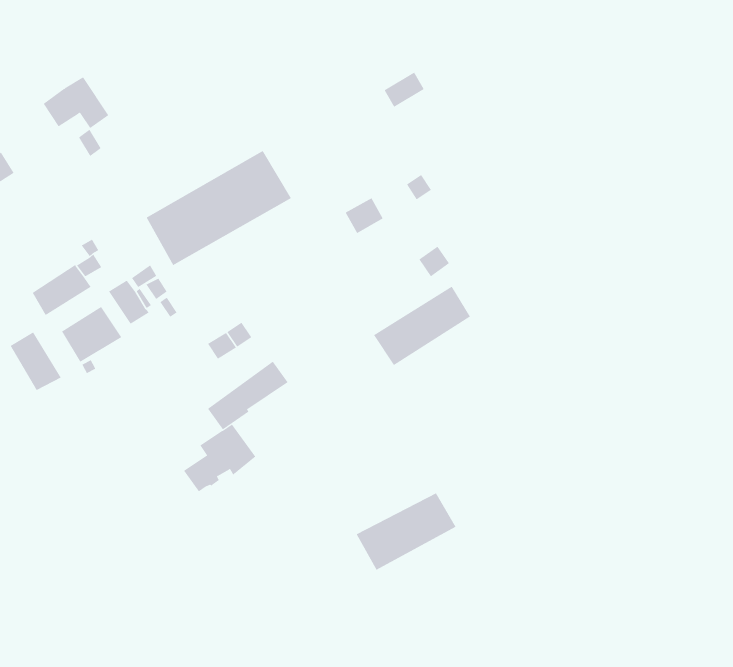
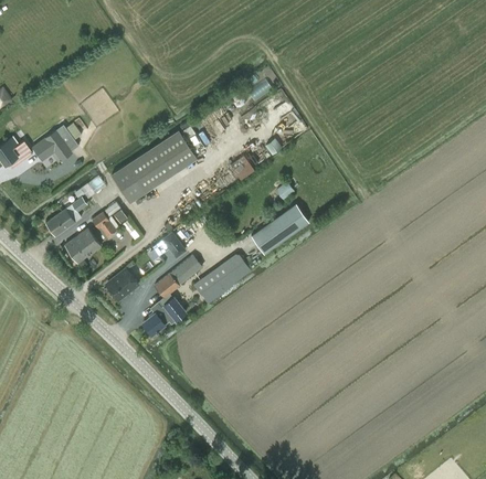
building: [43,76,109,129] -> [32,130,72,161]
building: [10,331,61,391] -> none
building: none -> [106,269,138,300]
building: [356,492,457,571] -> [193,253,253,301]

